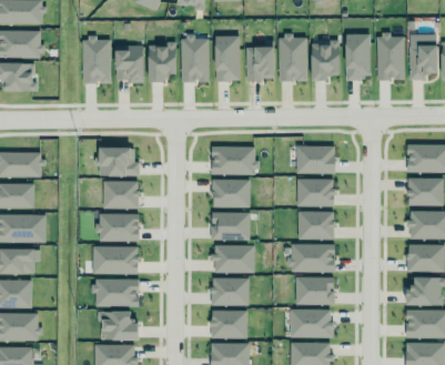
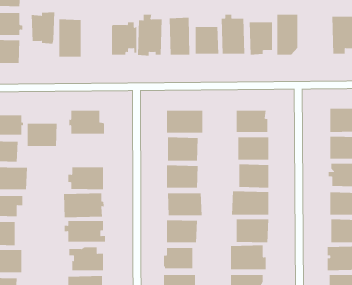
building: [377,34,405,80] -> none
building: [114,44,143,83] -> [31,12,55,44]
building: [103,181,140,209] -> [27,123,58,146]

